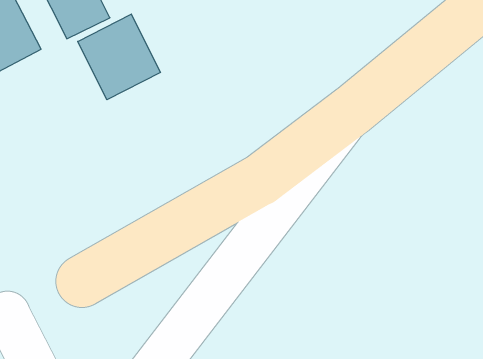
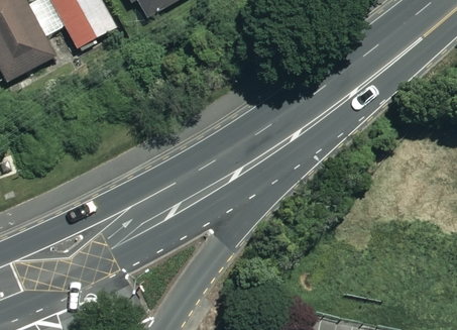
building: [78,14,160,100] -> none

